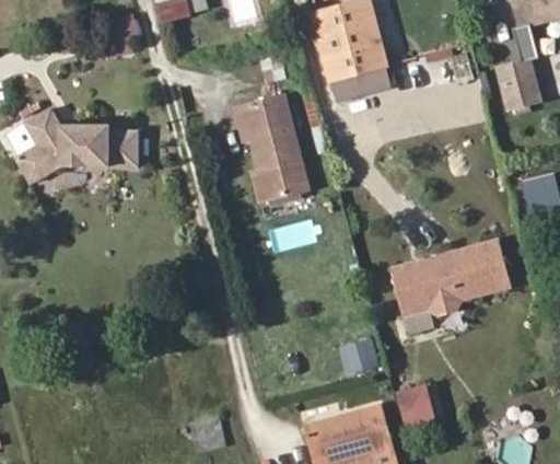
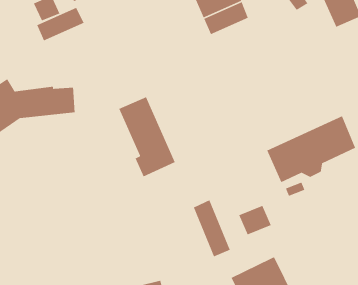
building: none -> [36,7,85,42]
building: [245,95,312,204] -> [118,96,176,177]
building: none -> [193,199,231,257]
building: [398,387,435,432] -> none

